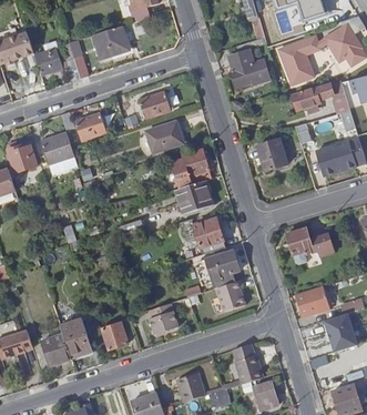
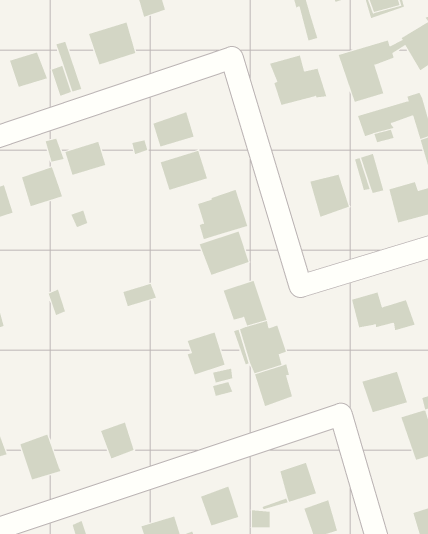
building: [149,303,177,335] -> [187,332,226,375]
building: [61,318,91,357] -> none

